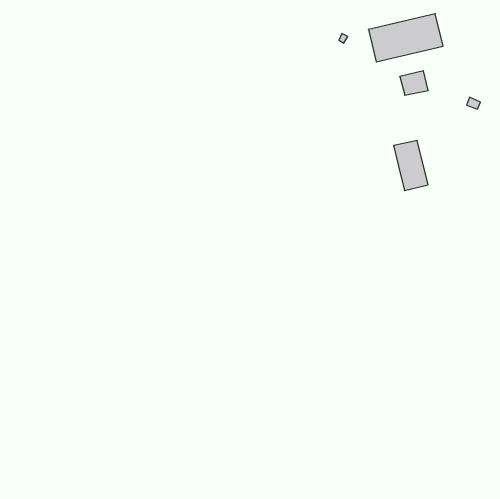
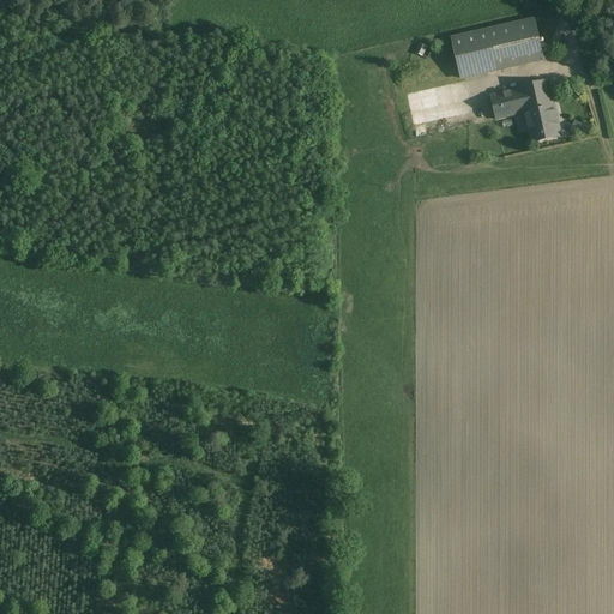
building: [394,141,428,191] -> [517,79,559,140]

